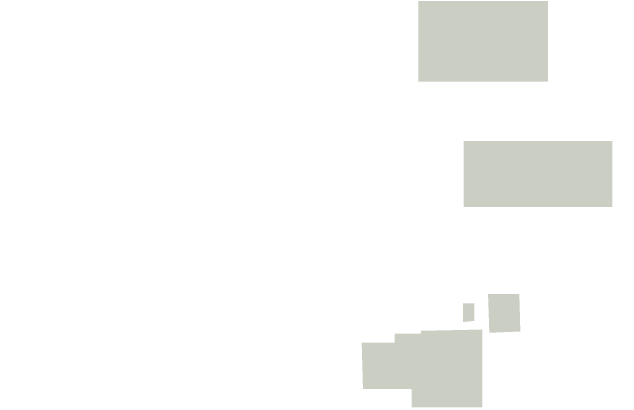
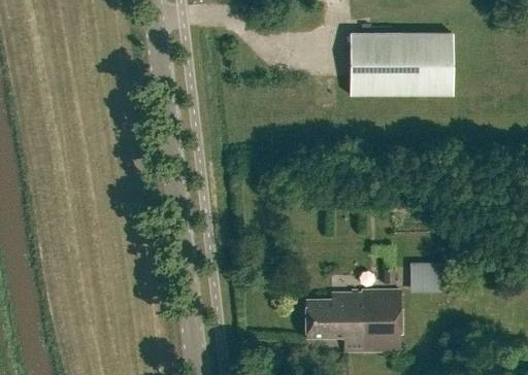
building: [463,140,613,208] -> none

